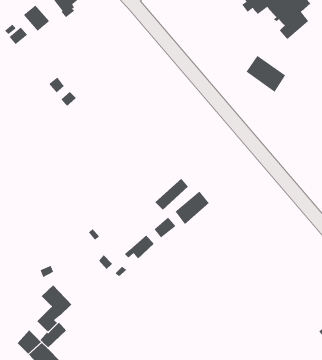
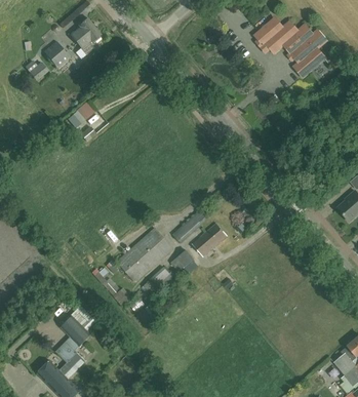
building: [246,55,286,93] -> none
building: none -> [117,229,172,282]

